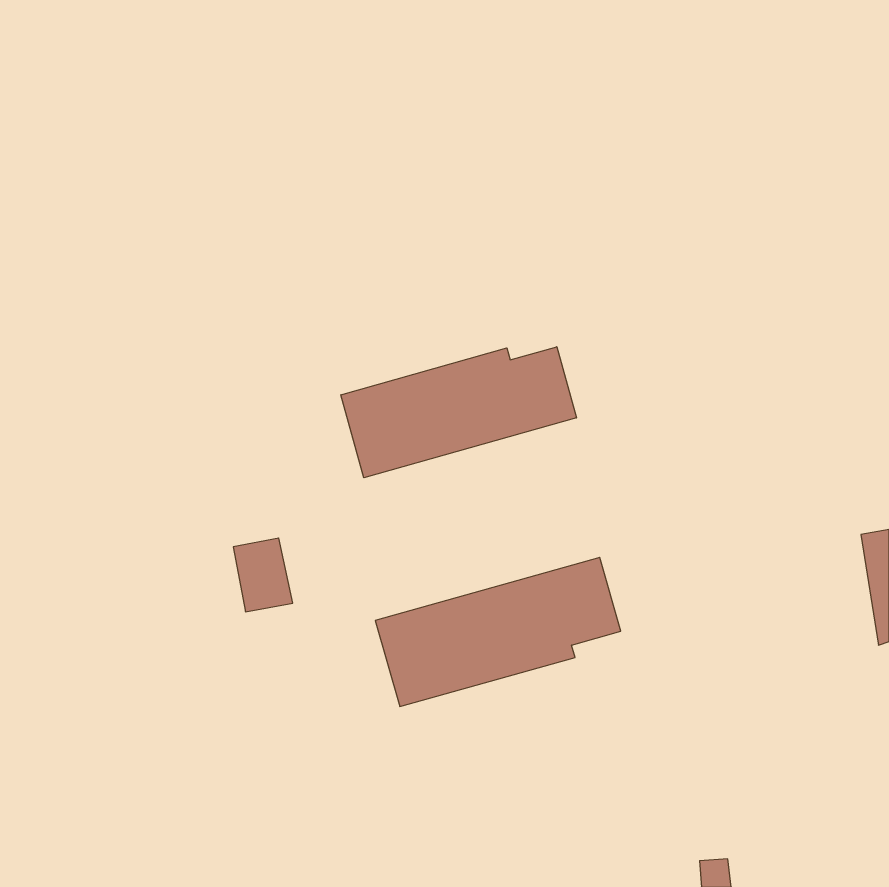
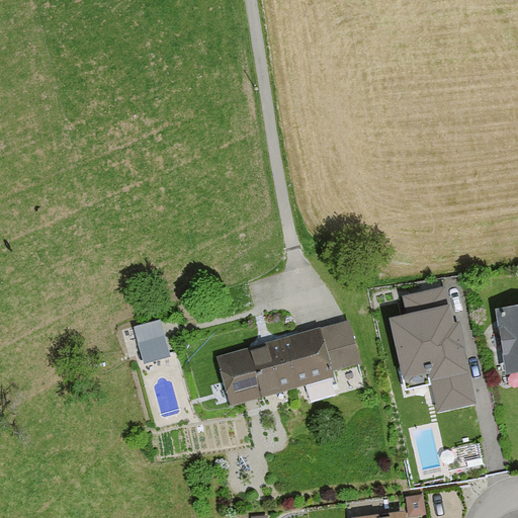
building: [341,347,576,478] -> none
building: none -> [397,299,469,405]

